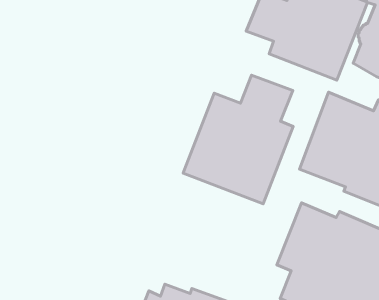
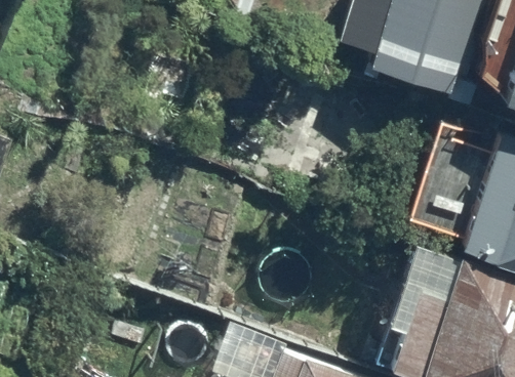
building: [183,75,293,204] -> none

